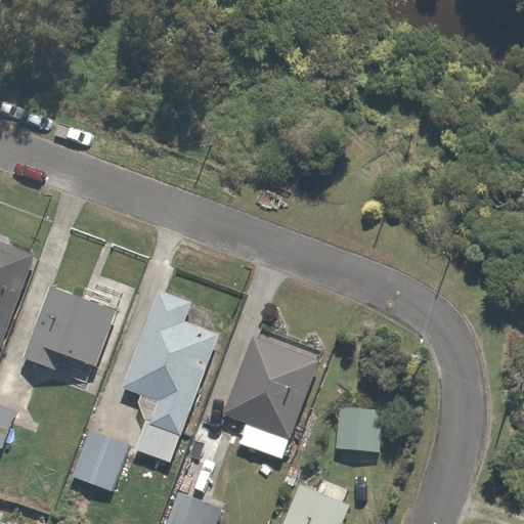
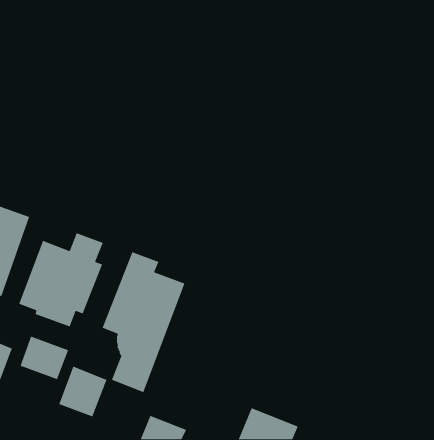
building: [223,335,320,461] -> none
building: none -> [20,335,69,380]
building: [335,402,379,452] -> none

